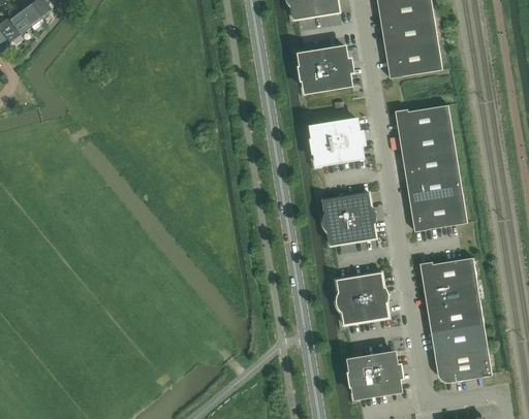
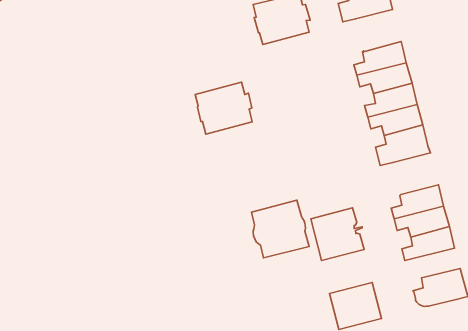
building: [308,117,366,167] -> [195,82,252,134]
building: [320,190,377,247] -> [251,200,309,258]
building: [430,324,487,352] -> none

